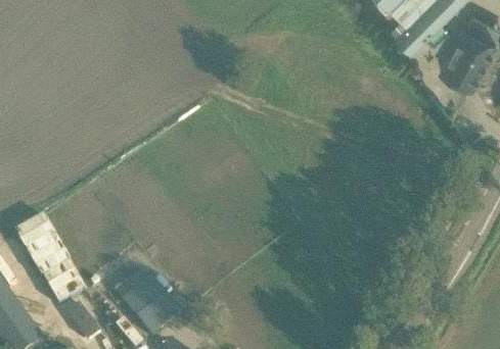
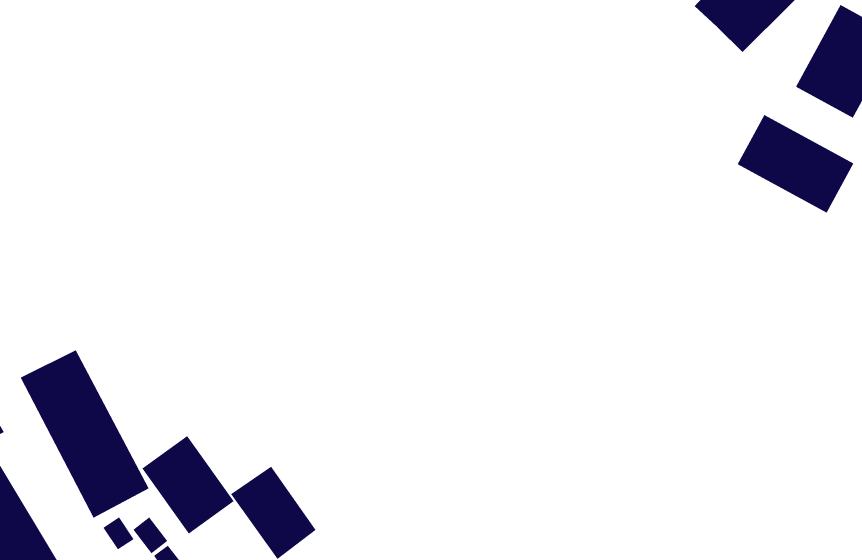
building: none -> [737,114,854,214]
building: none -> [142,435,235,534]

